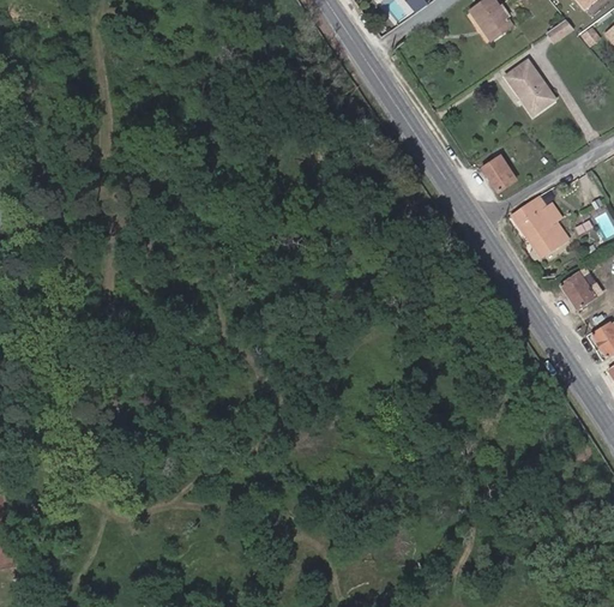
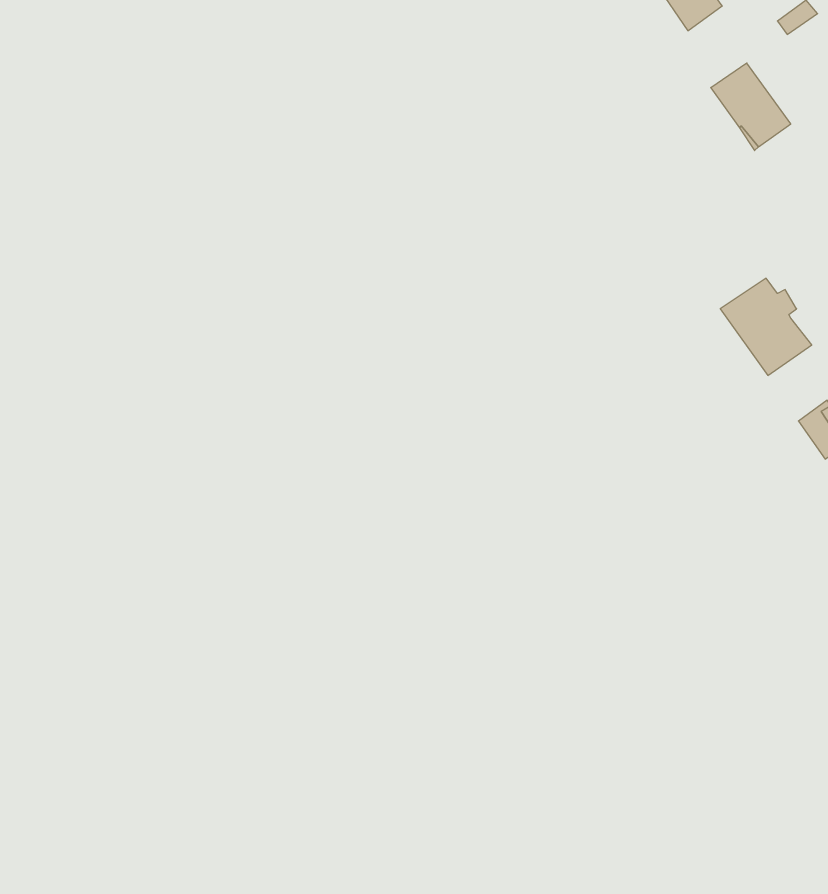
building: [482,156,516,192] -> none

